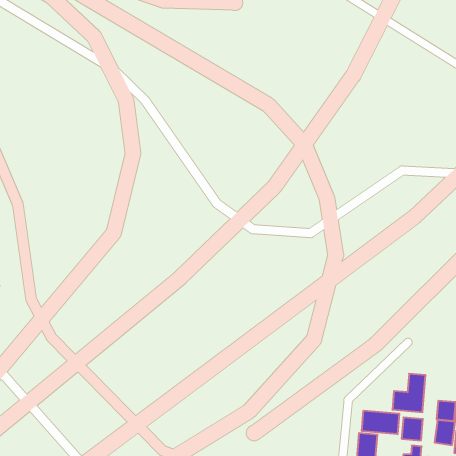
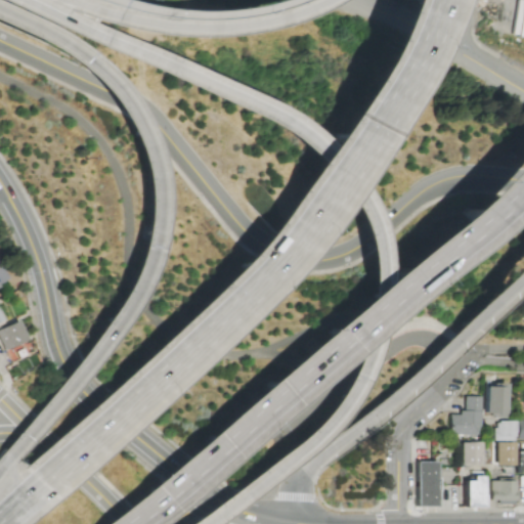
building: none -> [488,384,509,417]
building: [362,411,399,434] -> none

